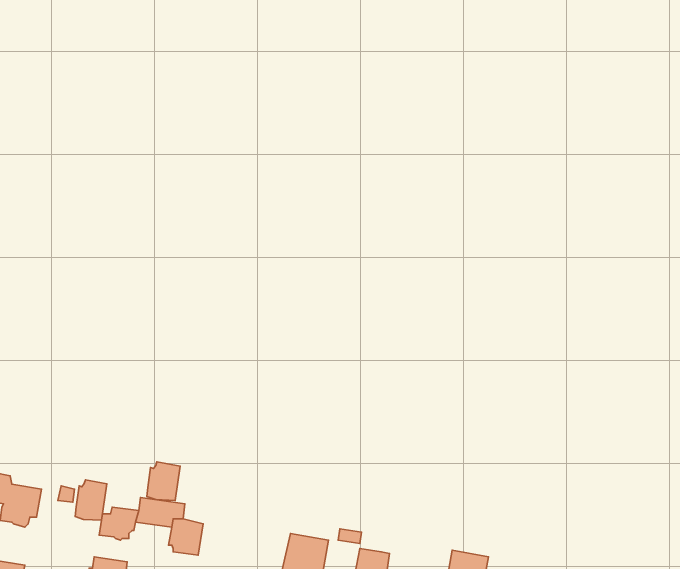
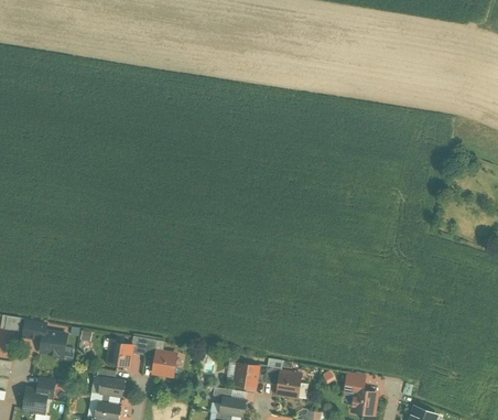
building: [147,462,180,501] -> none
building: [75,480,107,520] -> none

